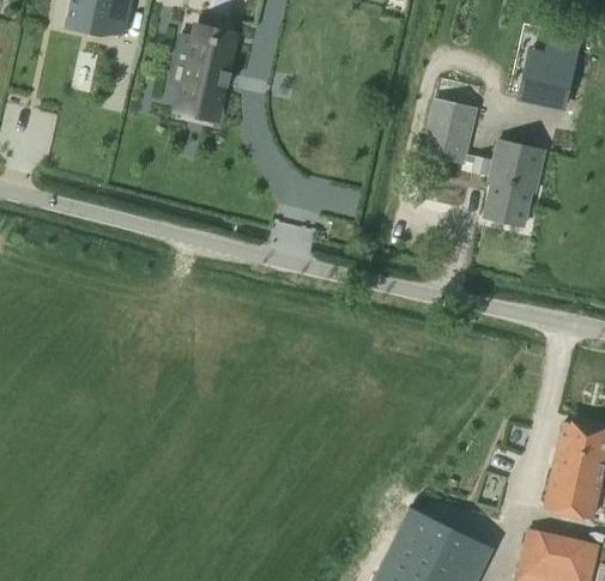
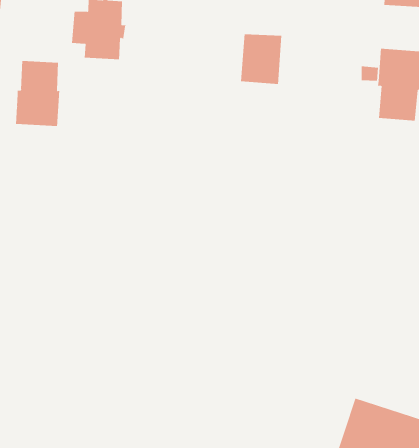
building: none -> [16,60,60,127]
building: [423,102,476,162] -> [240,34,282,84]

